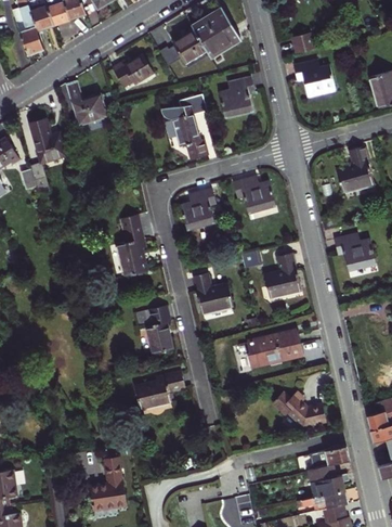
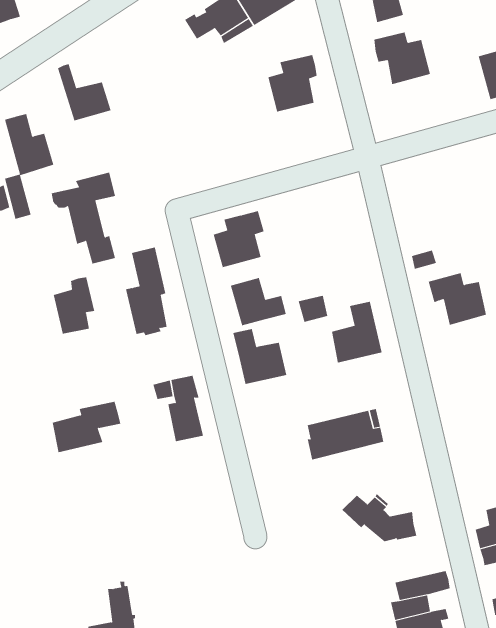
building: [113,53,154,87] -> none
building: [161,93,208,159] -> [51,172,116,264]
building: [337,146,375,193] -> none
building: [233,175,275,213] -> none
building: none -> [53,276,95,335]
building: none -> [230,277,287,326]
building: [135,372,185,409] -> [52,401,121,453]

